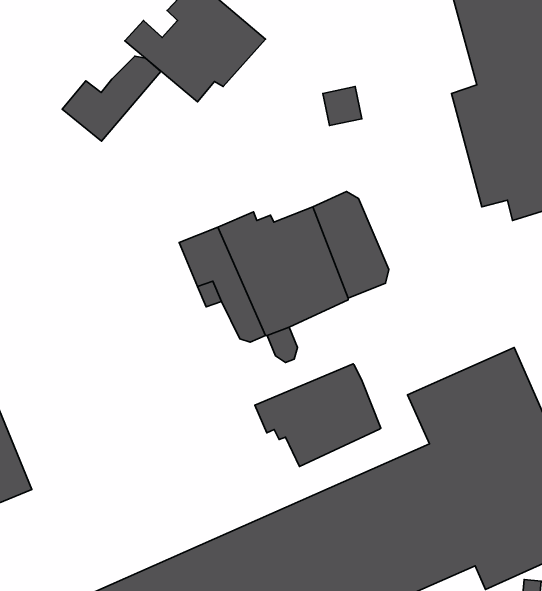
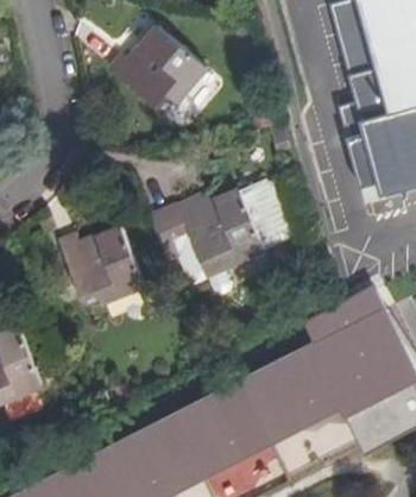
building: [62,56,161,141] -> none
building: none -> [55,222,145,301]
building: [255,364,381,467] -> none

